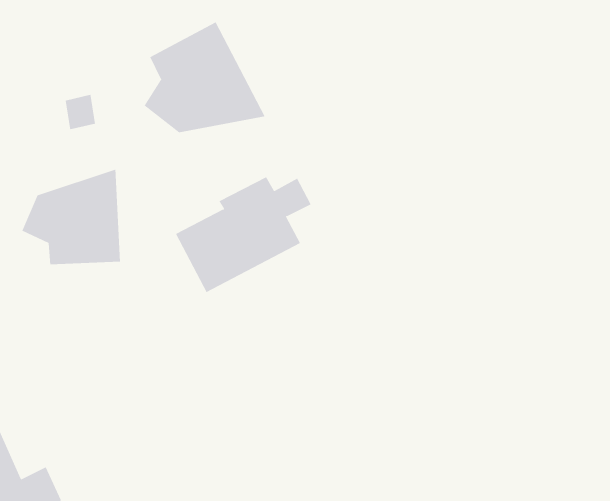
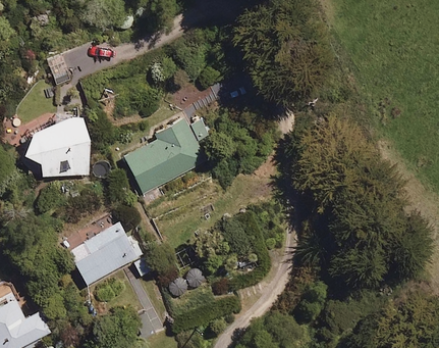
building: [144,22,266,133] -> none
building: none -> [68,221,141,286]

